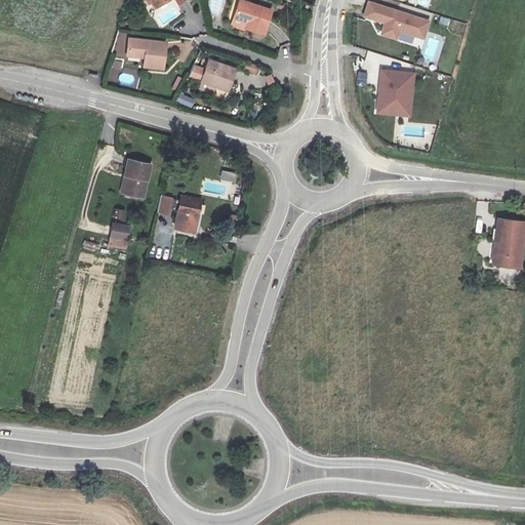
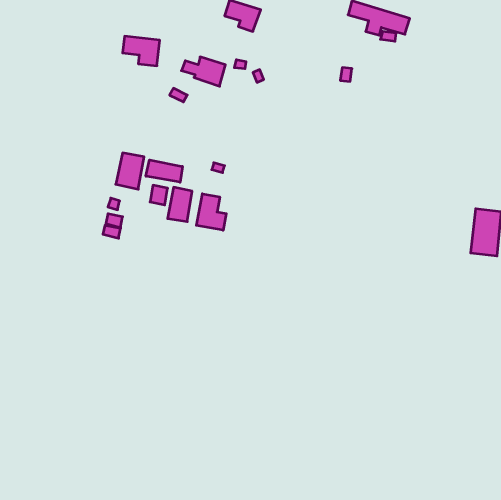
building: [377,69,414,114] -> none
building: none -> [146,160,182,182]
building: none -> [196,194,226,230]

